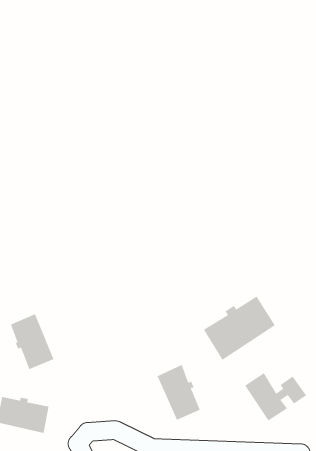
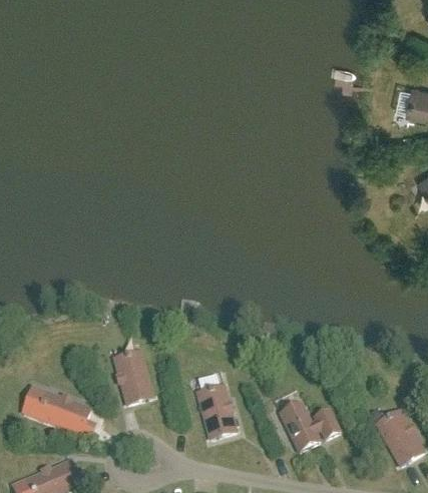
building: [203,296,276,361] -> none
building: [10,313,54,370] -> [114,352,152,406]

